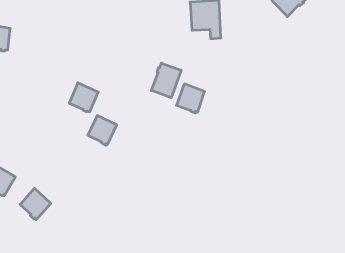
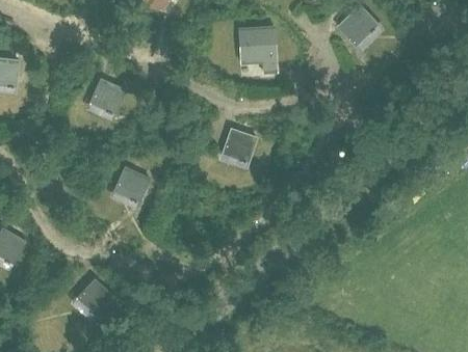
building: [151,63,181,98] -> none
building: [69,83,98,112] -> [89,78,125,113]
building: [20,188,51,220] -> [76,278,113,317]

